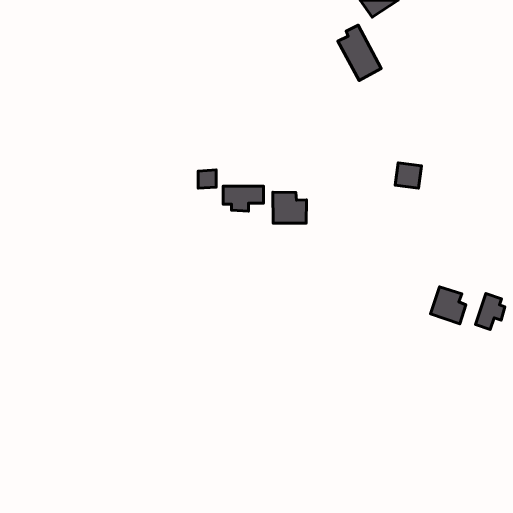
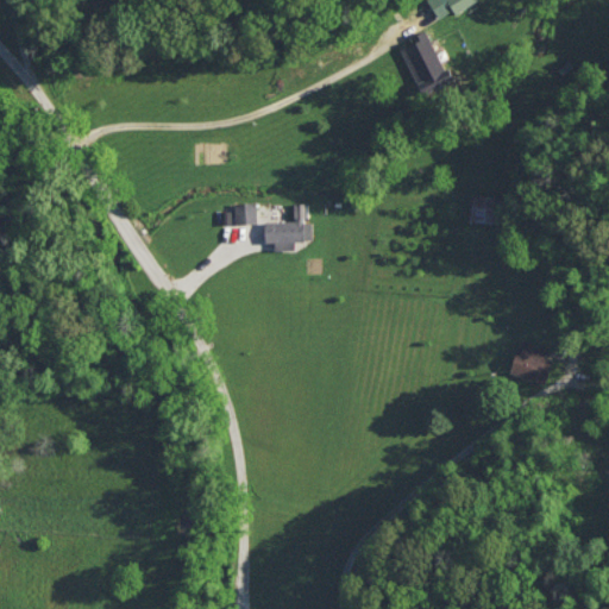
building: [273,192,306,223] -> none
building: [475,293,505,329] -> none

